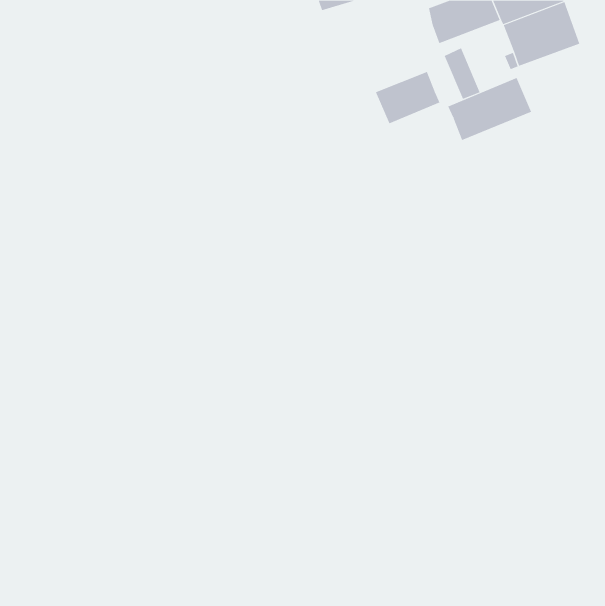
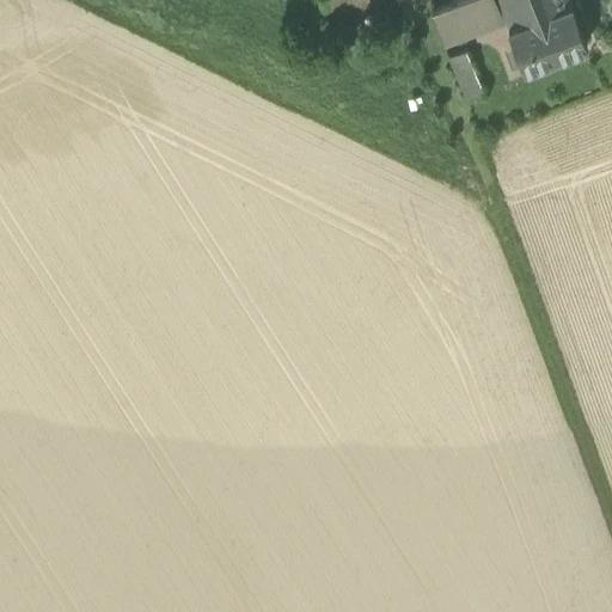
building: [375,71,440,124] -> none
building: [448,77,532,141] -> none

